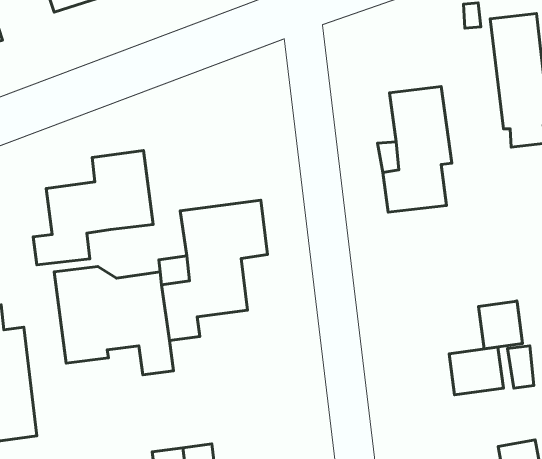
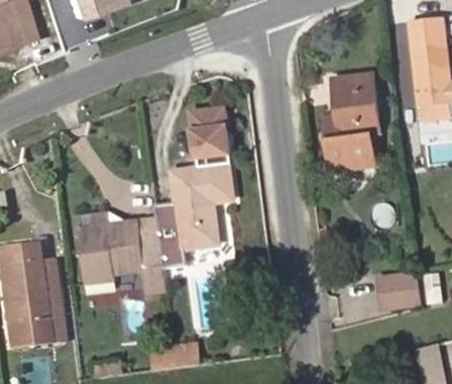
building: none -> [189,105,234,158]
building: [33,150,153,265] -> none
building: [478,301,523,349] -> none

